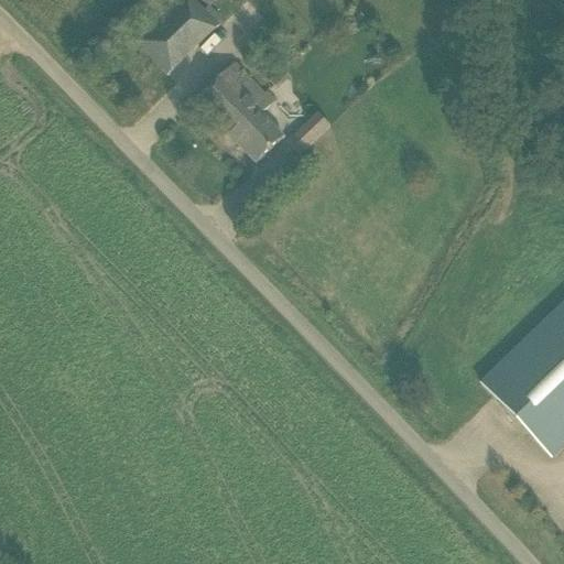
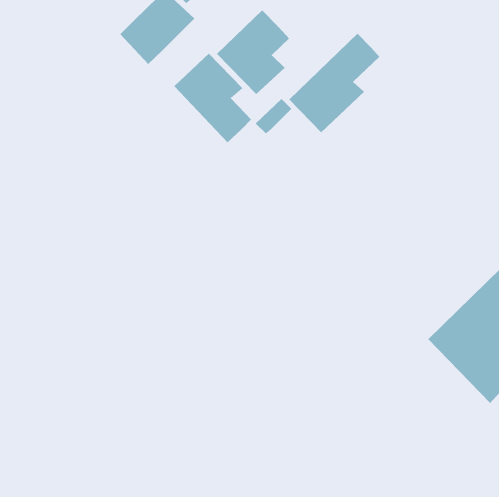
building: none -> [216,10,290,95]
building: none -> [289,33,380,133]

